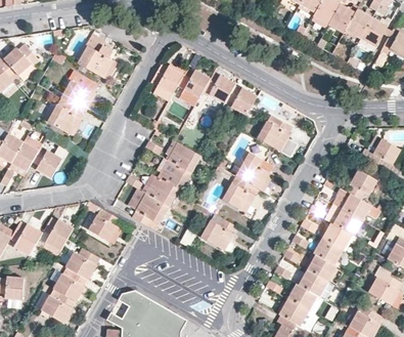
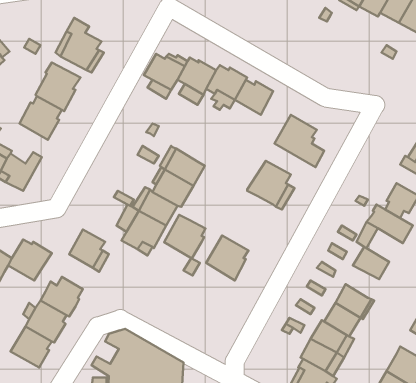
building: [223,176,257,212] -> [164,215,205,258]
building: [333,207,363,236] -> none
building: [314,238,344,264] -> none

